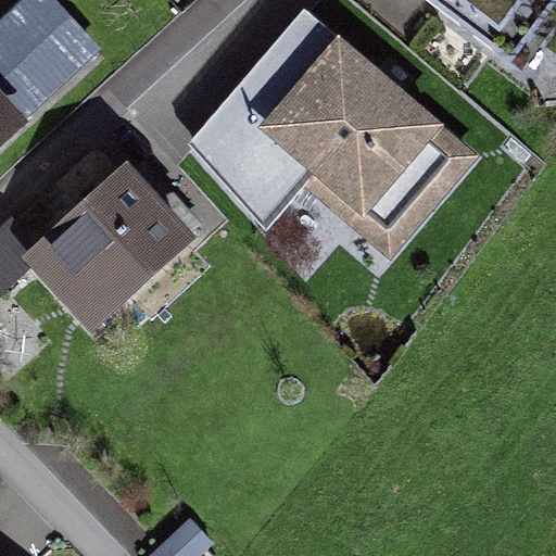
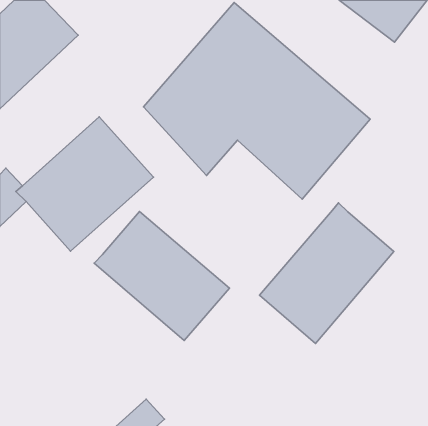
building: none -> [260,203,394,344]
building: none -> [94,211,229,341]

